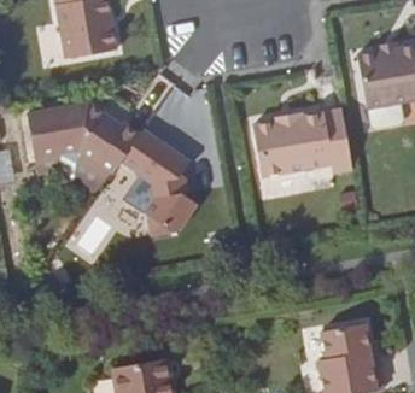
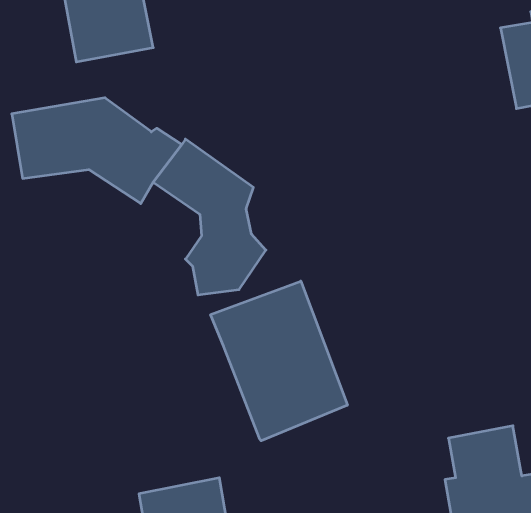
building: [252,108,352,178] -> none
building: none -> [211,281,347,441]

